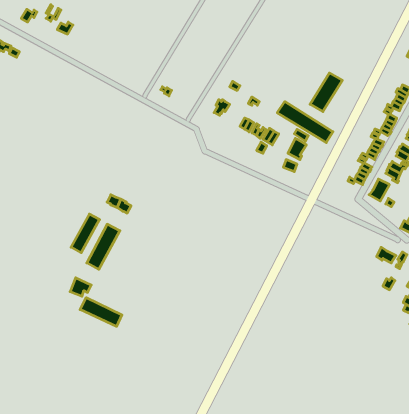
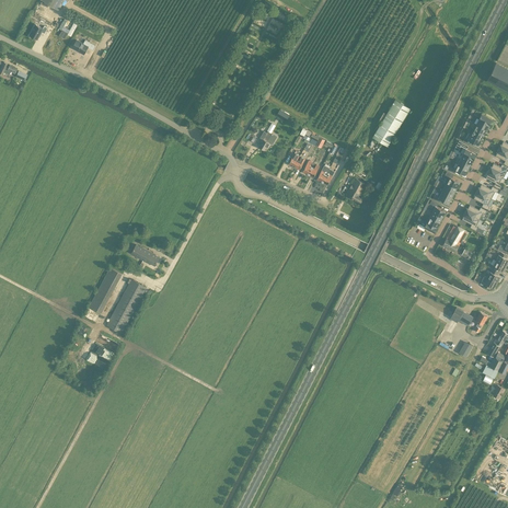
building: [277,102,333,143] -> none
building: [80,298,122,326] -> none

